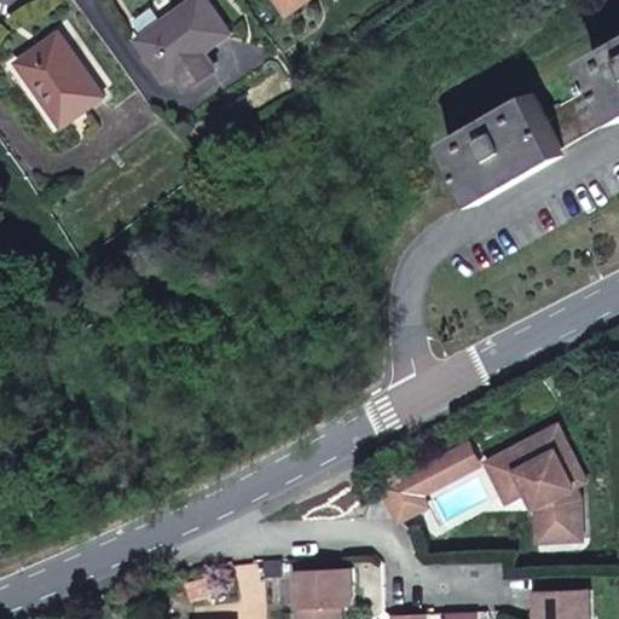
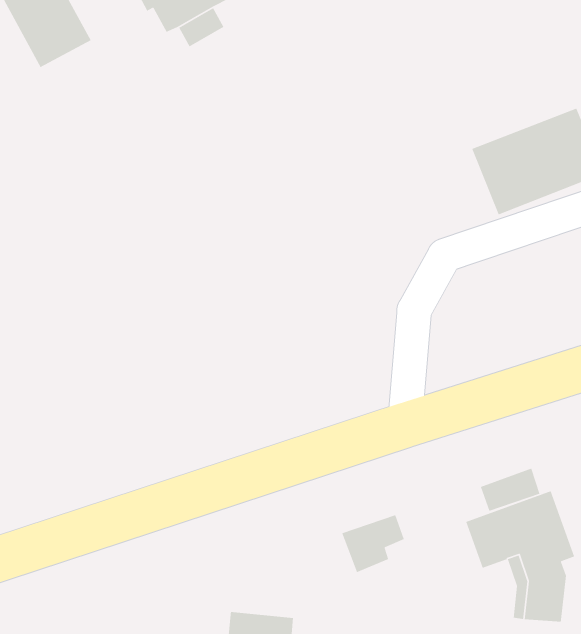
building: [423,442,476,486] -> [480,467,541,512]

